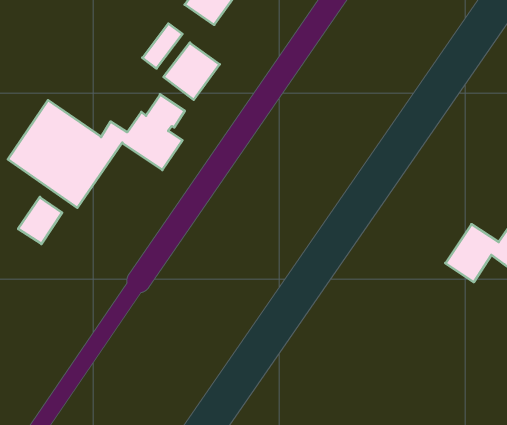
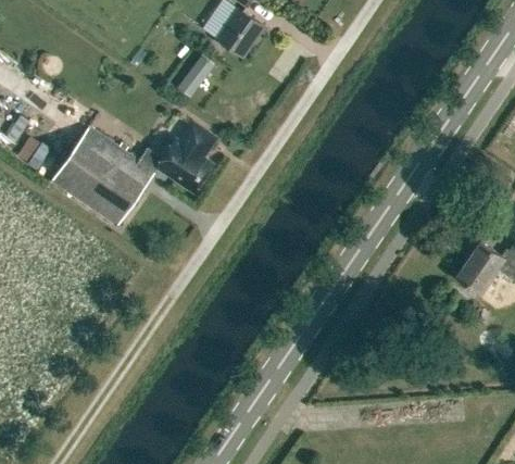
building: [164,43,220,100] -> none
building: [18,197,62,244] -> none

